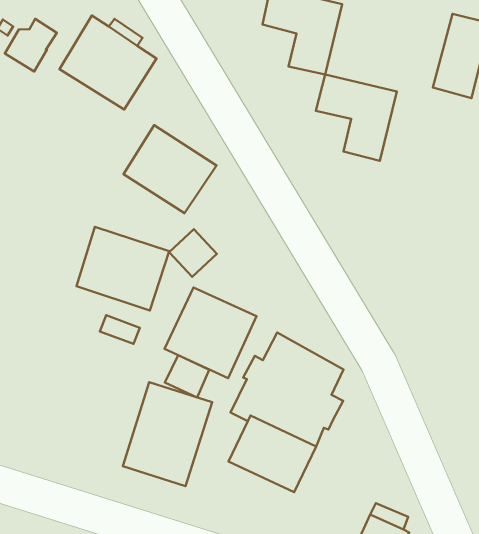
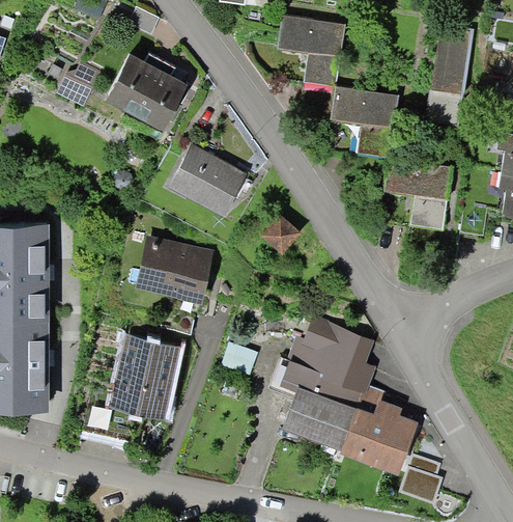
building: none -> [386,155,452,229]
building: [169,229,217,277] -> [260,213,302,254]
building: [164,288,256,378] -> none
building: [123,382,212,486] -> [109,333,181,420]
building: none -> [340,385,418,475]

